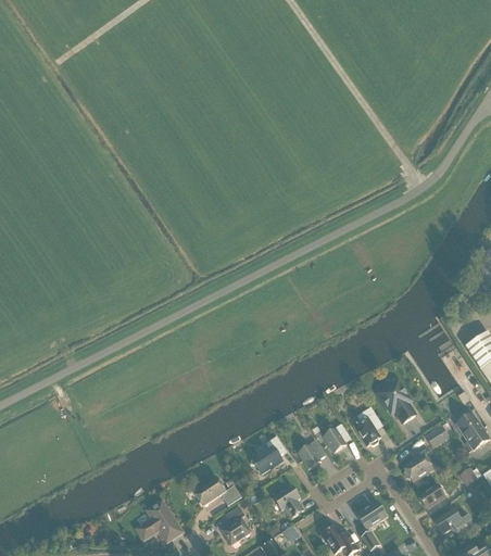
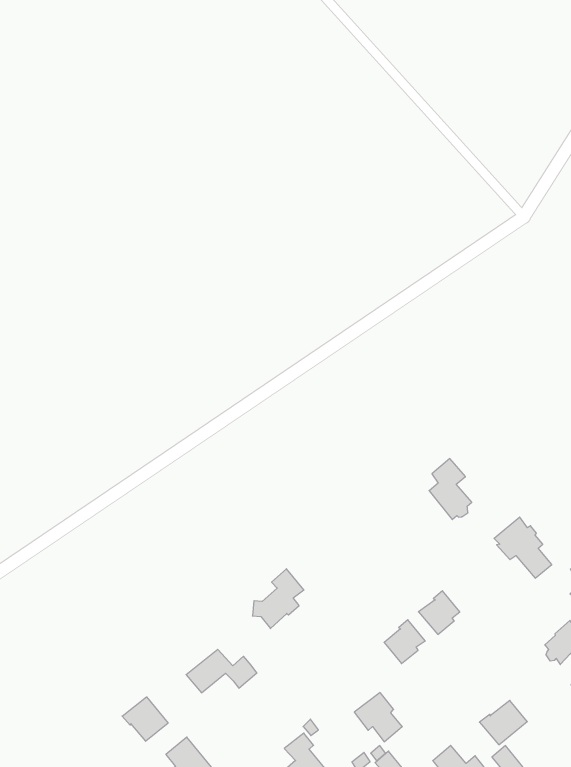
building: [353,406,380,446] -> [429,459,472,520]
building: [250,435,286,473] -> [252,569,304,629]
building: none -> [122,697,168,741]
building: [193,478,240,505] -> [186,649,257,693]

